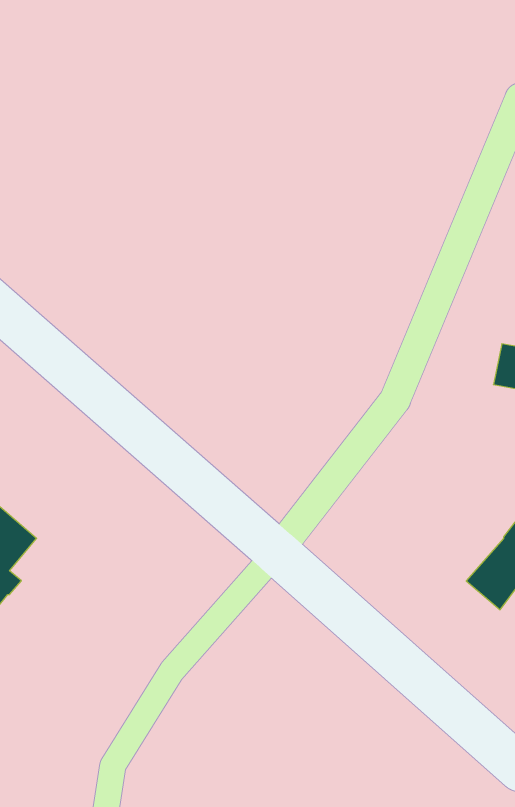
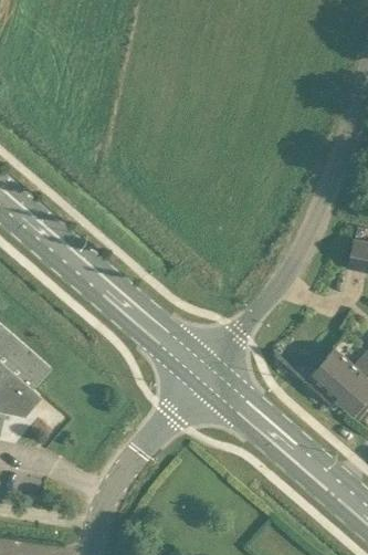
building: none -> [308,350,354,397]

